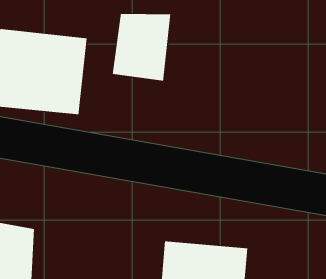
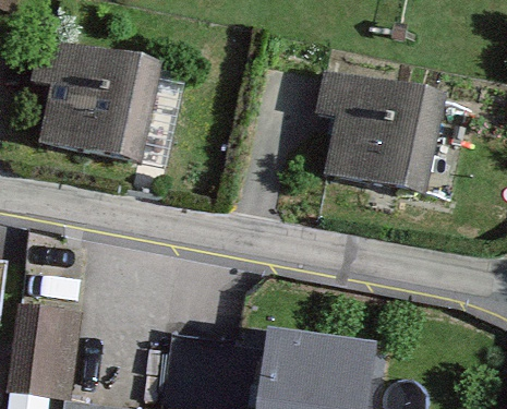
building: [112,13,171,81] -> none
building: none -> [319,73,455,194]

